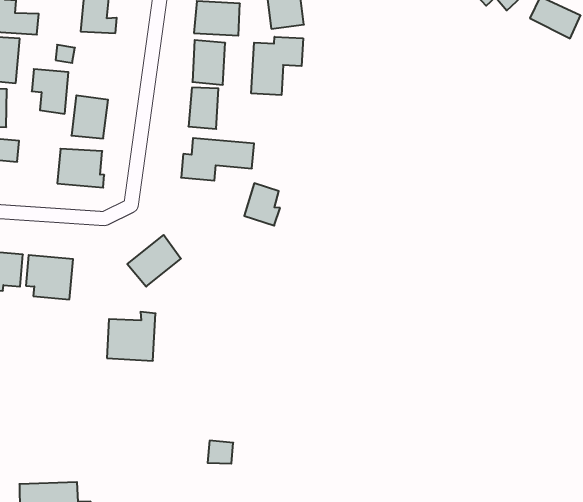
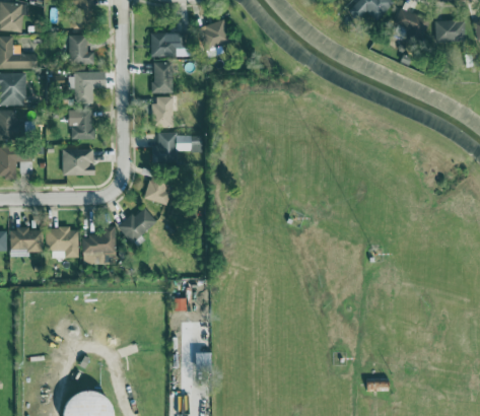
building: [251,37,303,95] -> none
building: [32,69,68,114] -> [68,73,93,103]
building: [244,183,280,226] -> [145,175,170,204]
building: [107,312,156,361] -> [81,228,116,264]

